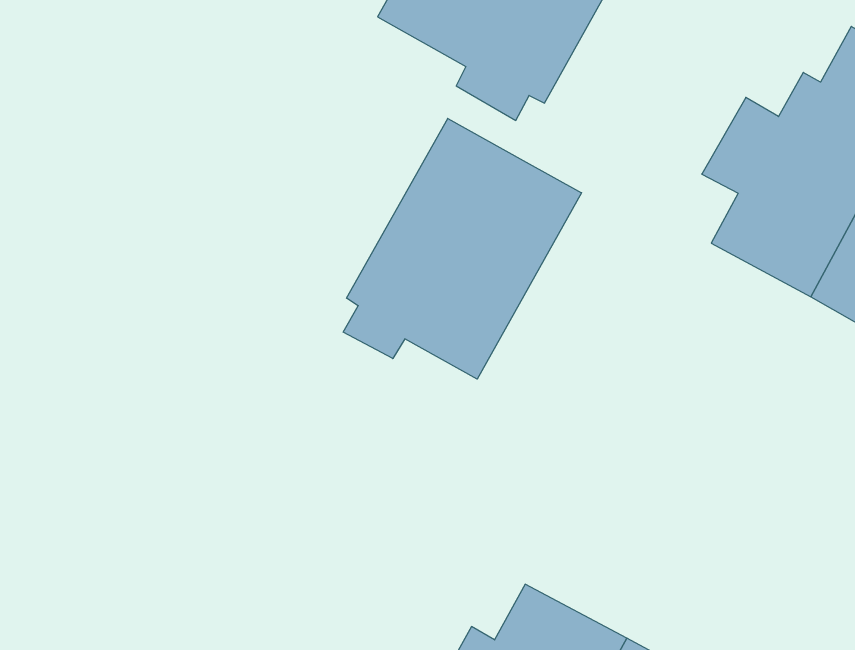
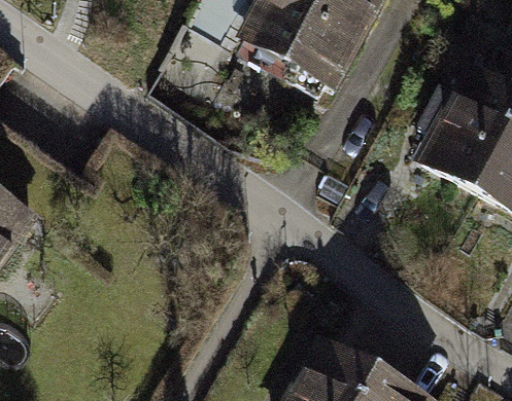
building: [343,118,582,379] -> none

